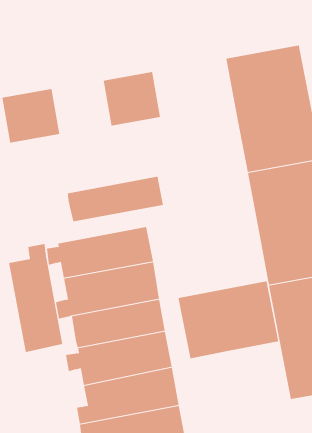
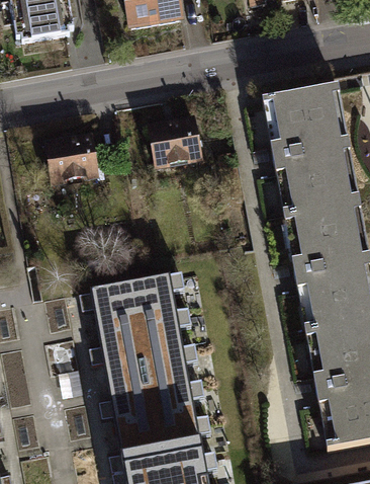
building: [67,176,163,222] -> none
building: [9,243,63,353] -> none
building: [178,280,279,359] -> none

